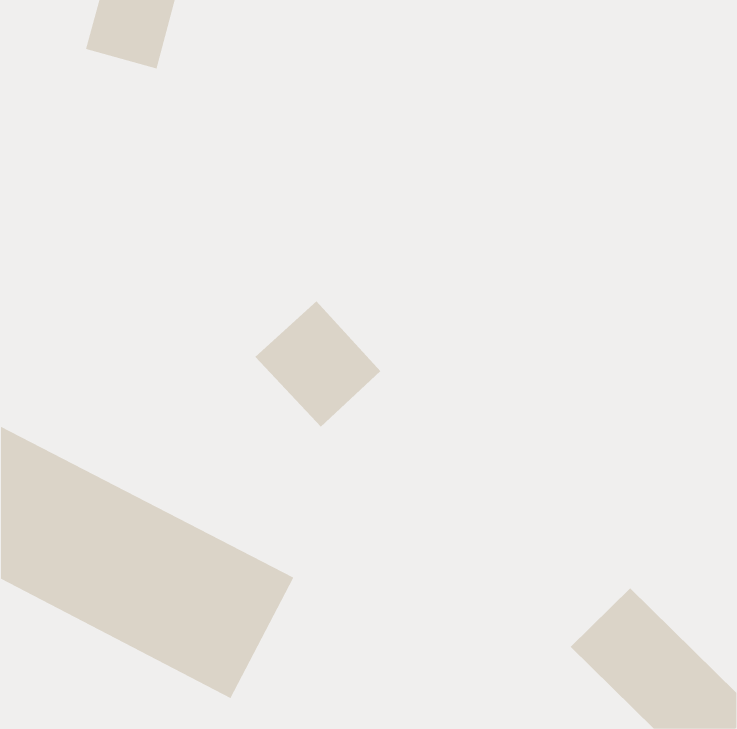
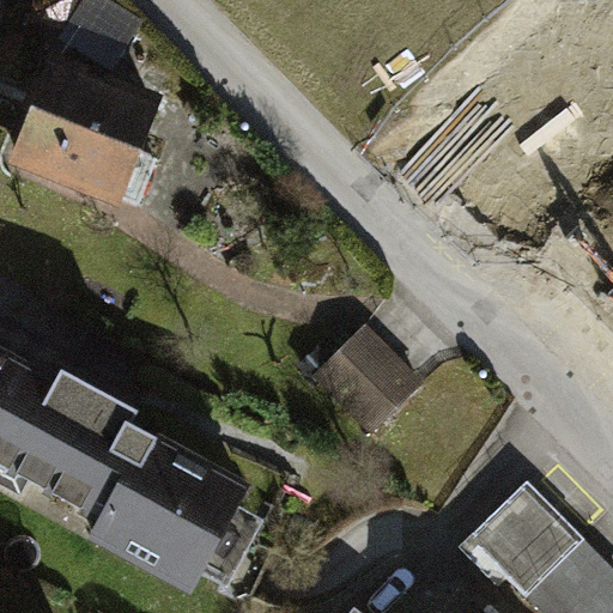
building: none -> [14,62,145,192]
building: [254,301,381,428] -> [314,326,419,431]

